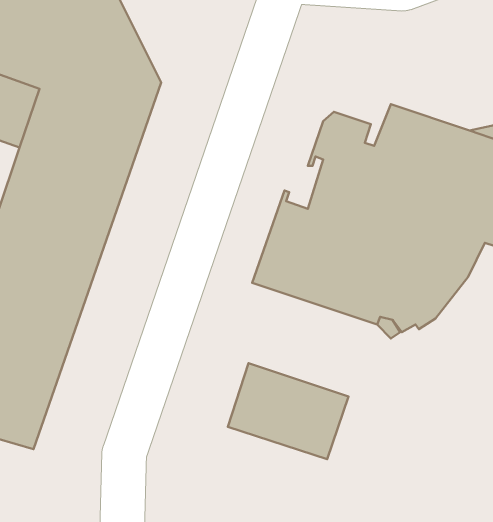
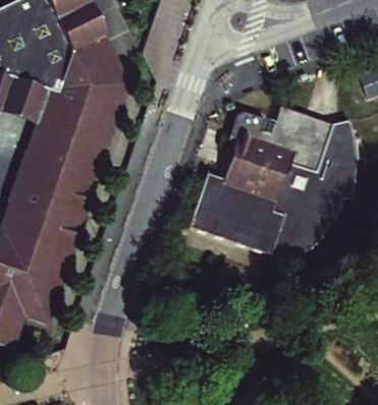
building: [228,363,348,459] -> none

